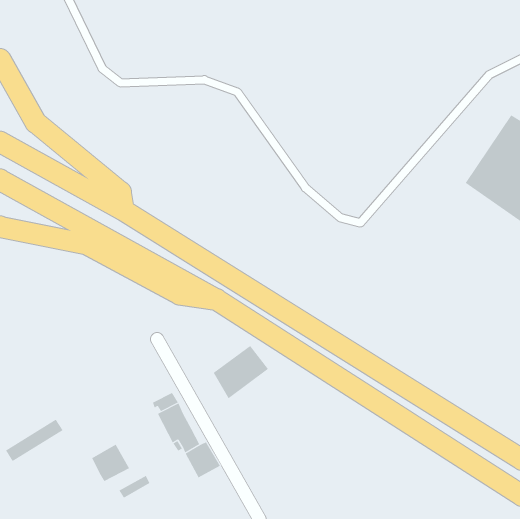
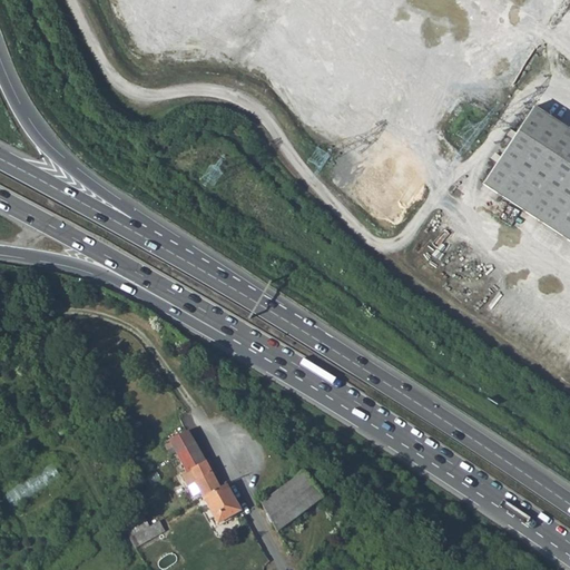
building: none -> [482,107,559,199]
building: [213,345,269,399] -> [263,470,324,529]
building: [91,444,130,482] -> none

